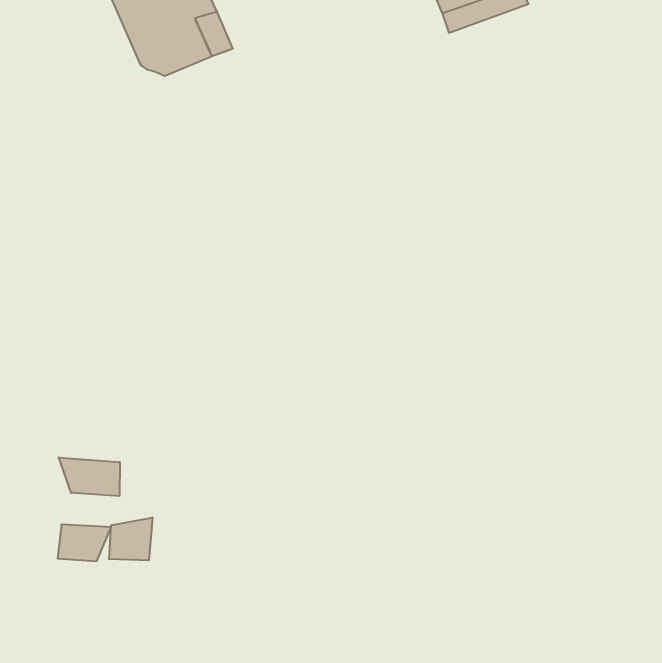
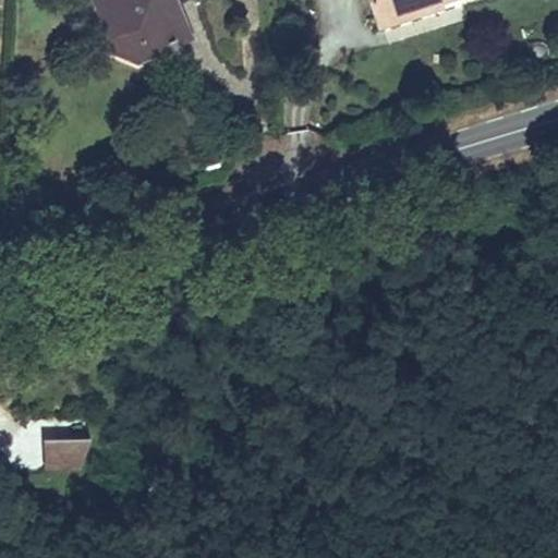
building: [59,457,120,496] -> none
building: [109,517,152,560] -> none

